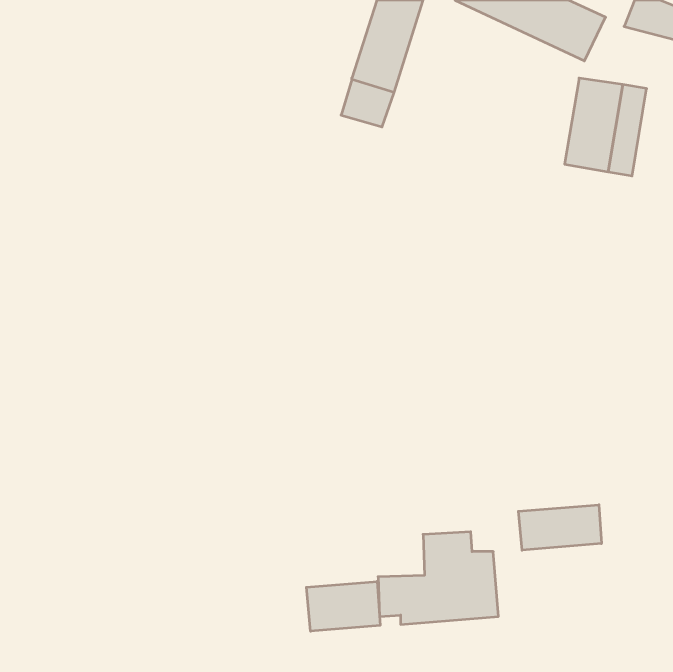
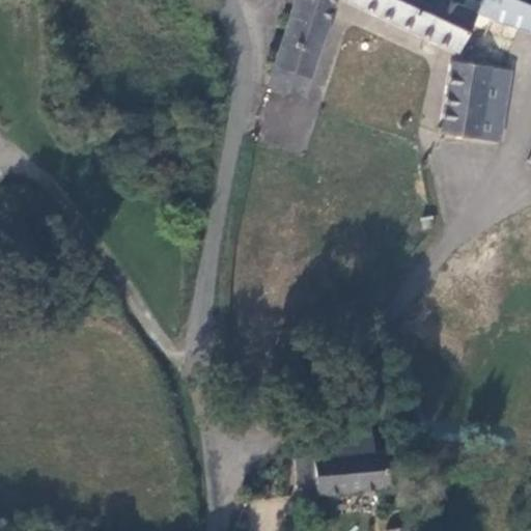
building: [518,505,601,550] -> none
building: [306,581,380,631] -> none

